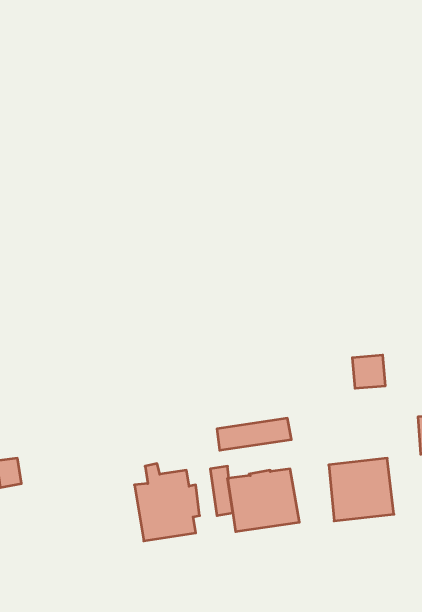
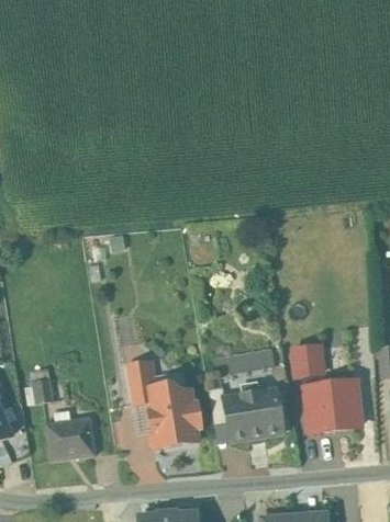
building: [352,355,385,388] -> [296,347,323,374]
building: none -> [126,362,158,405]
building: none -> [45,411,96,463]

